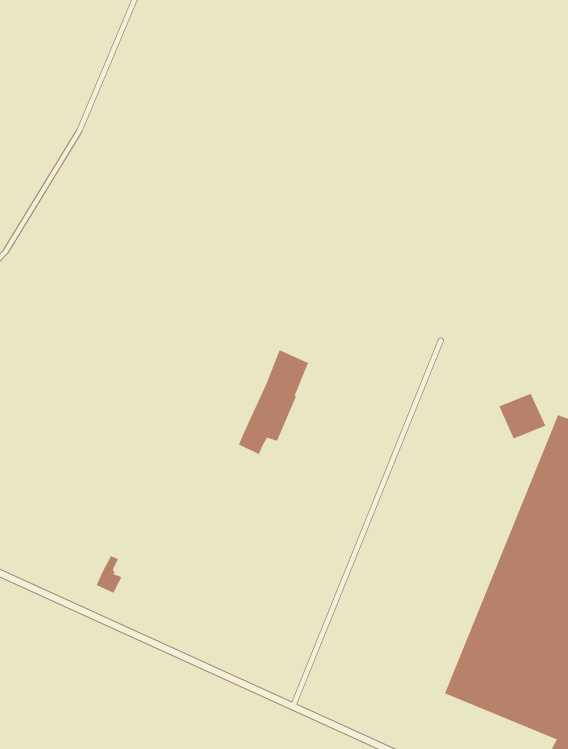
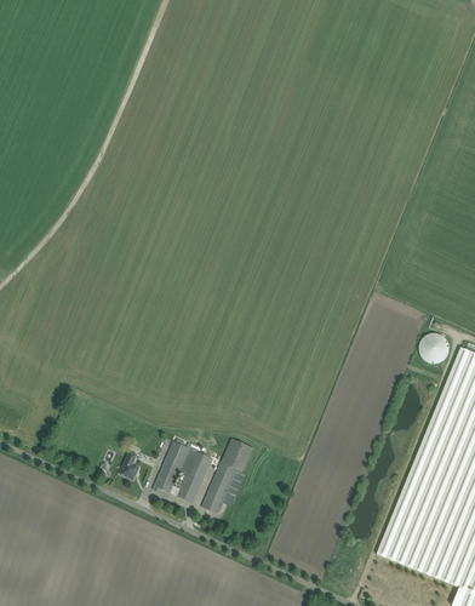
building: [238,350,309,455] -> [201,438,253,515]
building: none -> [153,438,212,503]

